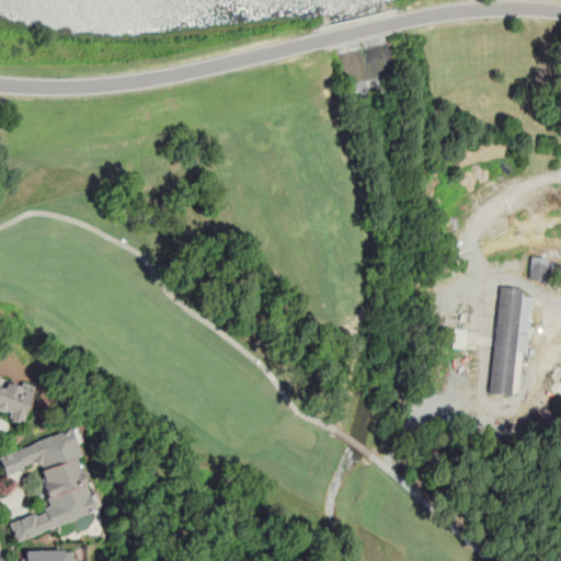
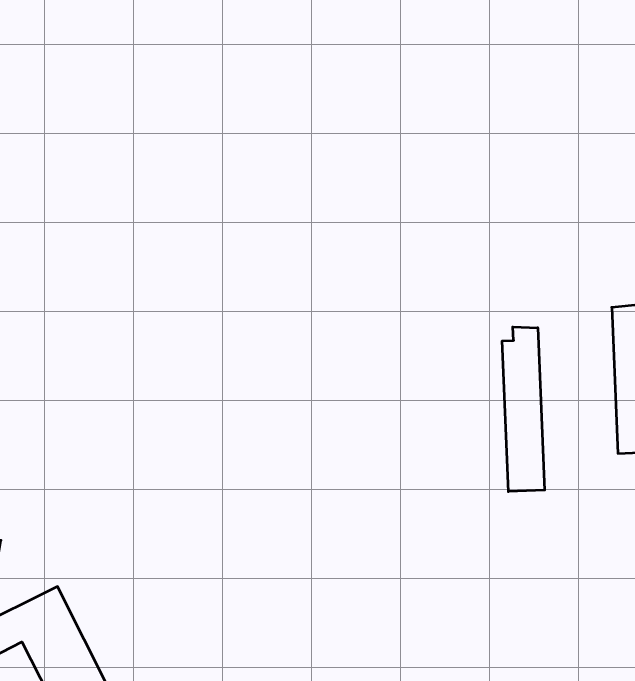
building: none -> [502,327,545,492]

